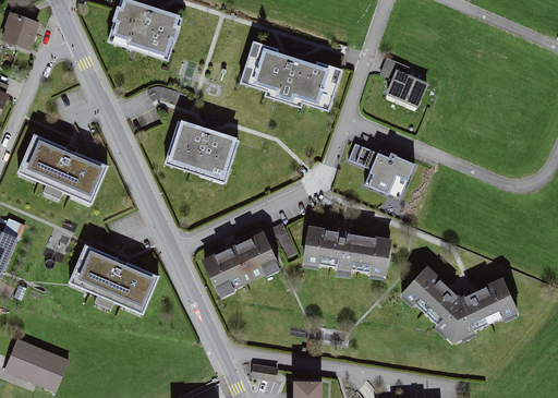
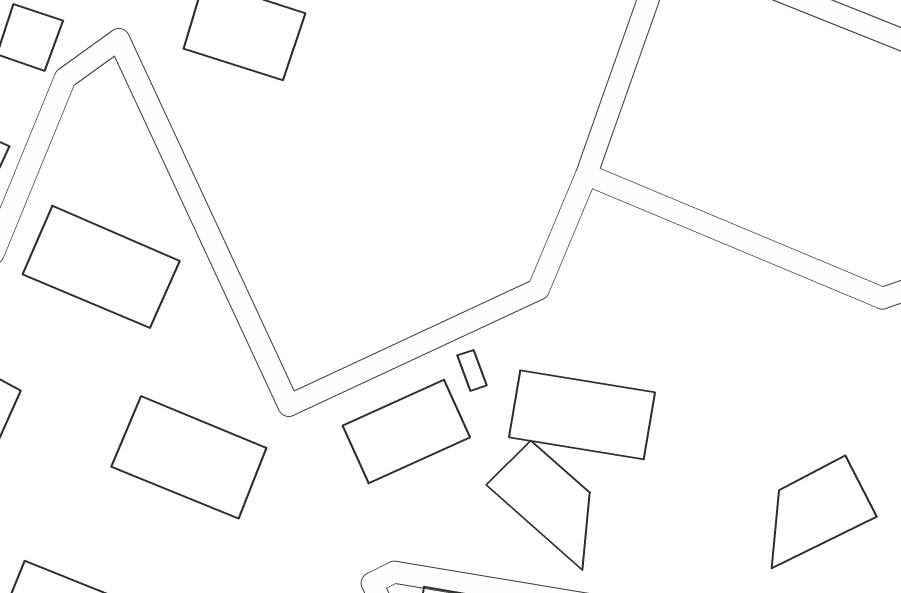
building: [240,40,341,114] -> none
building: [387,70,426,108] -> none
building: [166,121,239,184] -> none
building: [348,145,414,198] -> none
building: [400,268,461,345] -> [486,441,590,570]

